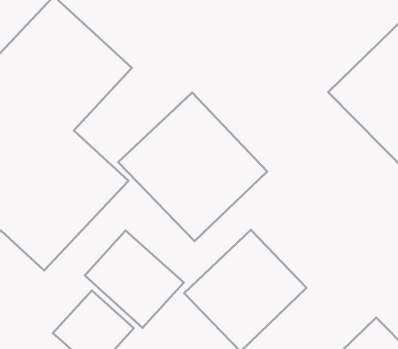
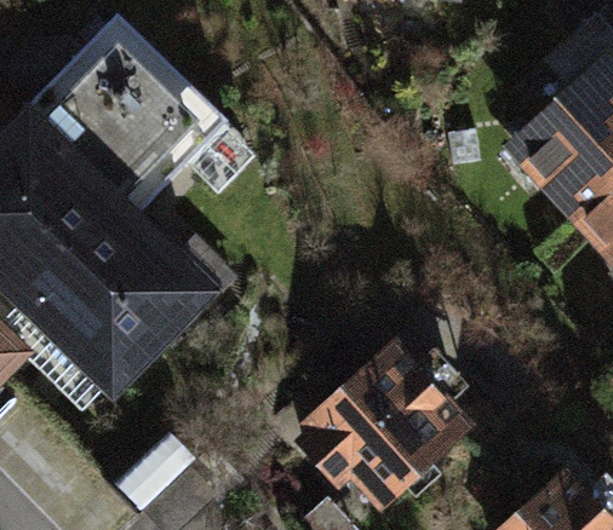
building: [118,92,267,241] -> none
building: [85,230,184,328] -> none

